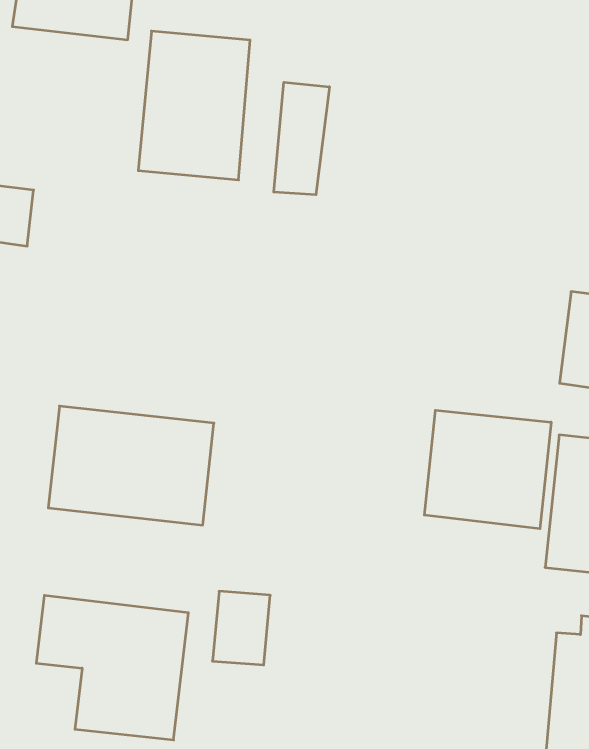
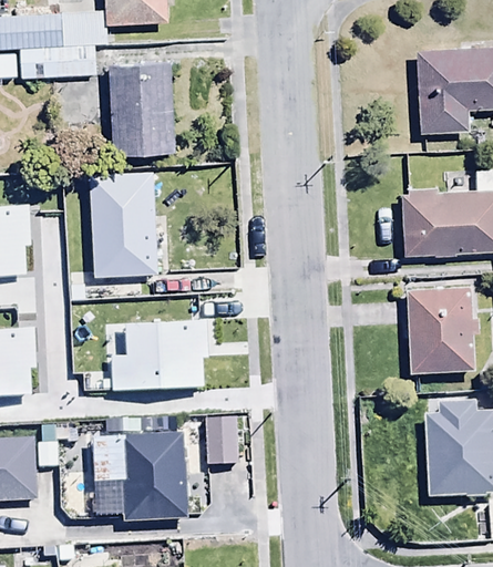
building: [274,82,329,195] -> none
building: none -> [88,171,160,276]
building: [424,410,551,529] -> none

